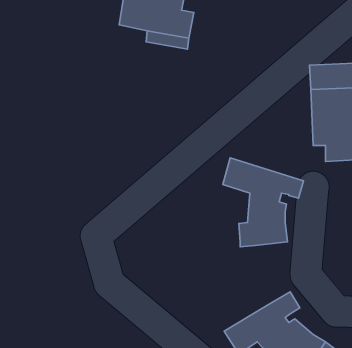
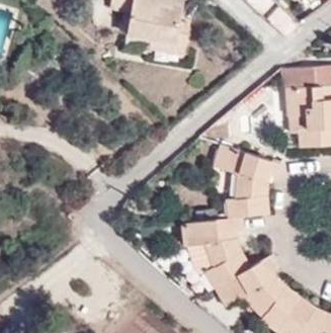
building: none -> [181,217,250,287]

